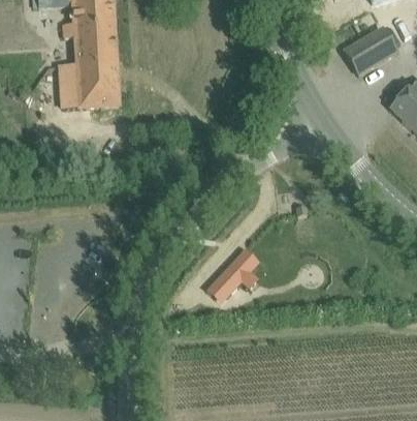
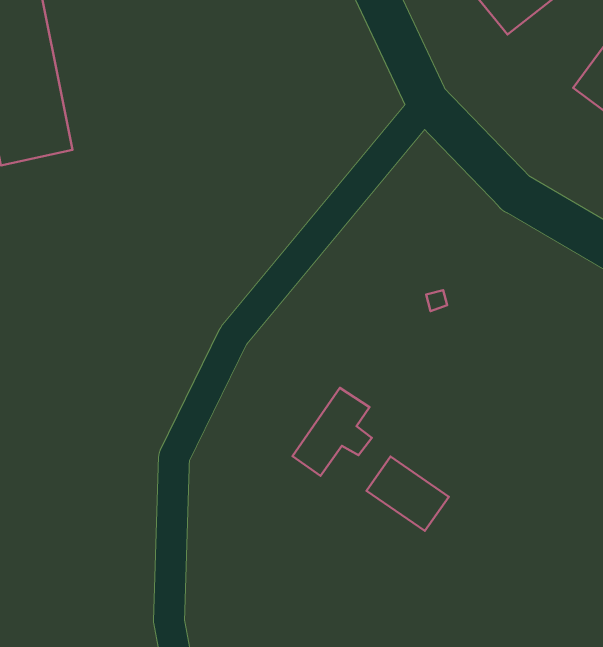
building: none -> [367,457,449,531]

